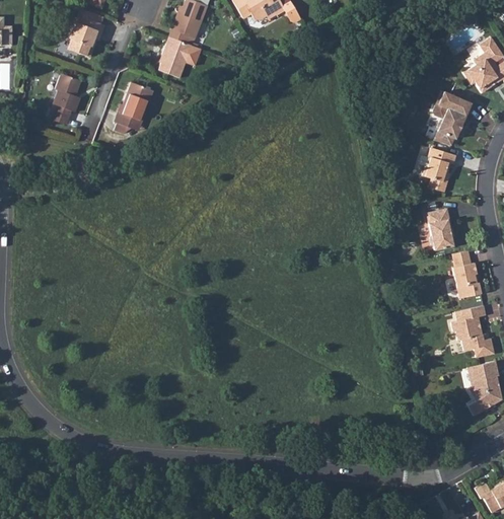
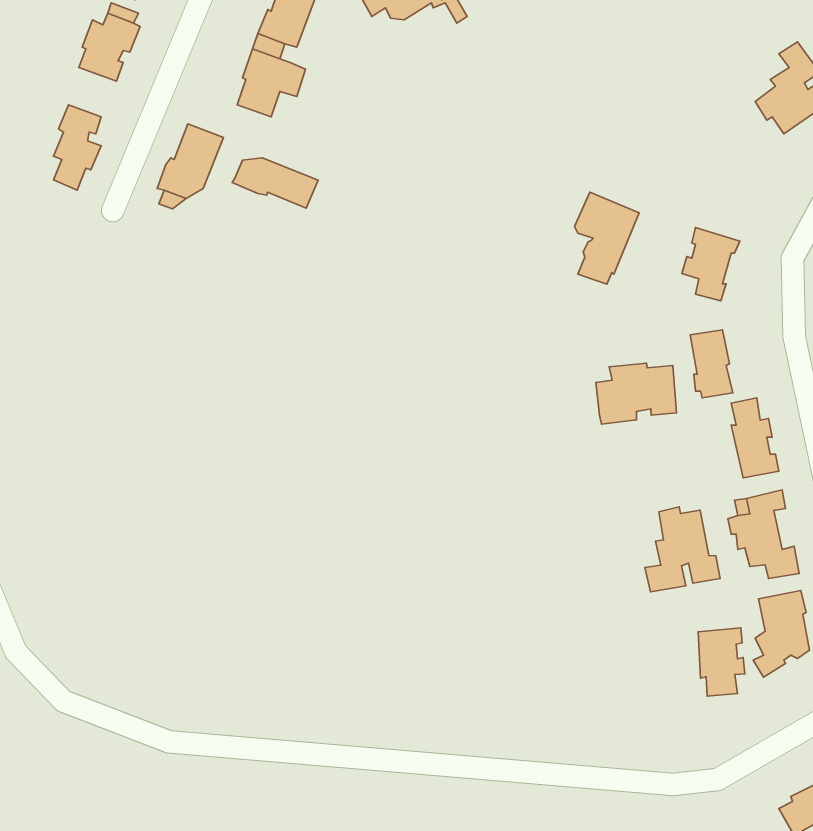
building: [434,89,473,144] -> [575,192,639,284]
building: none -> [232,158,318,208]
building: none -> [596,363,677,424]
building: none -> [645,507,720,592]
building: none -> [698,628,745,696]

